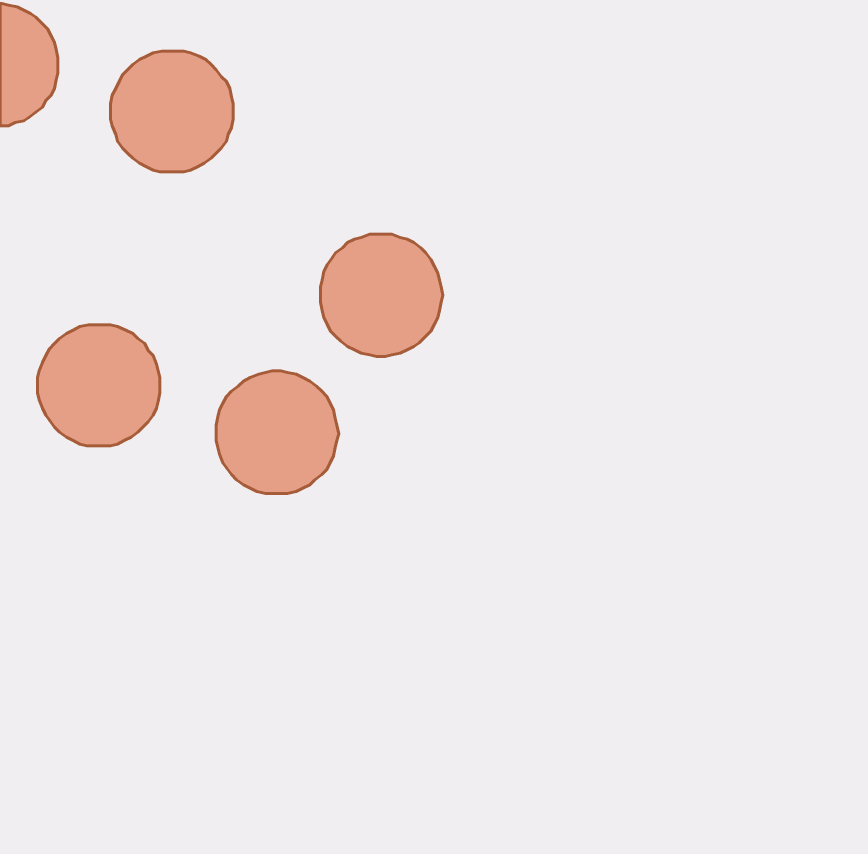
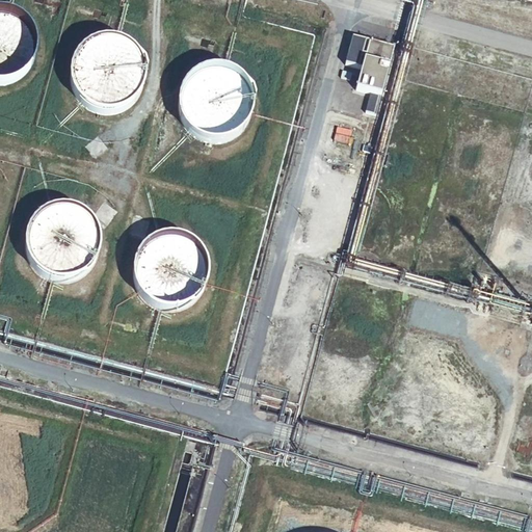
building: none -> [346,30,393,107]
building: [320,234,443,357] -> [178,59,252,134]

